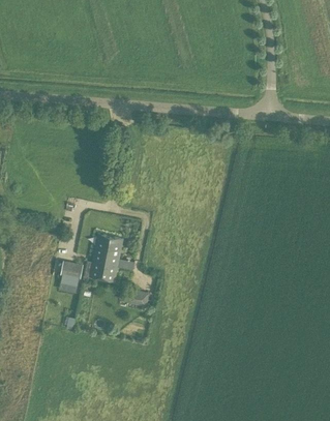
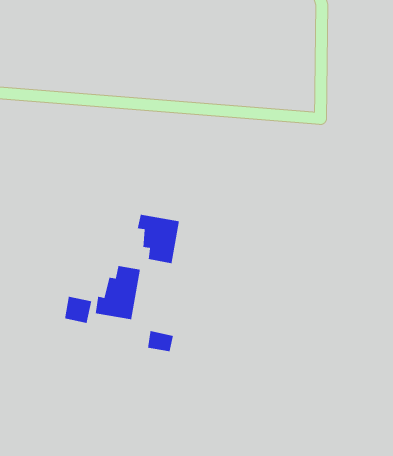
building: none -> [137,214,180,264]

